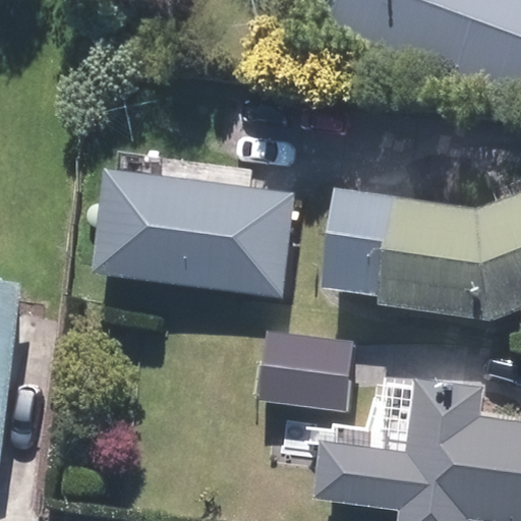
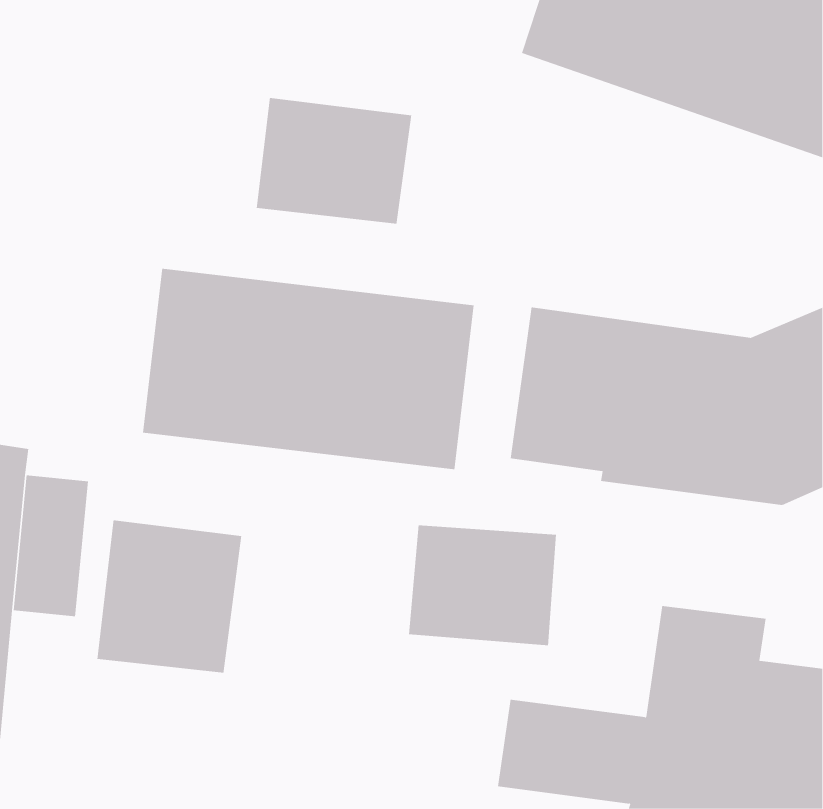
building: none -> [256,97,412,225]
building: none -> [97,519,242,674]

